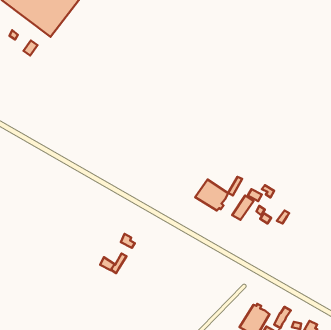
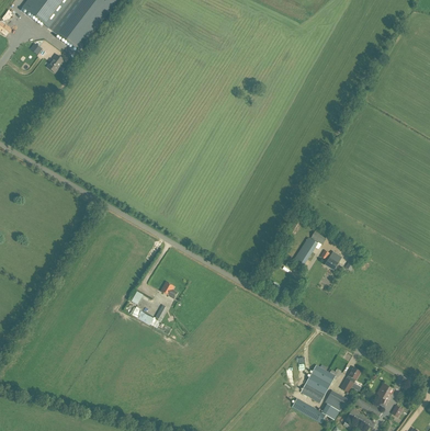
building: [195,179,228,210] -> none

